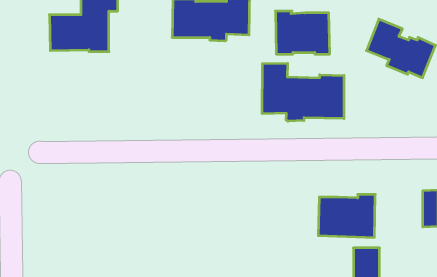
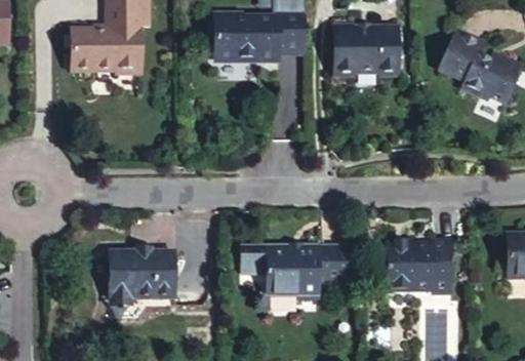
building: [262,63,344,121] -> none
building: none -> [240,247,349,299]
building: none -> [108,252,175,298]

